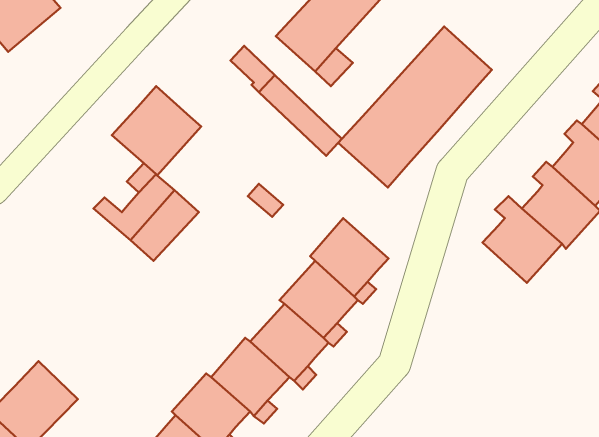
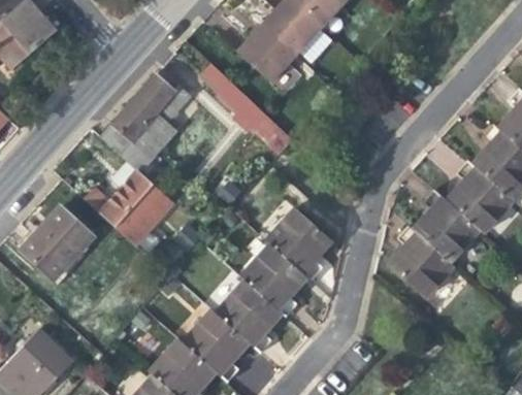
building: [338,26,492,188] -> none
building: none -> [136,69,189,122]
building: none -> [20,206,92,279]
building: none -> [386,224,453,297]

